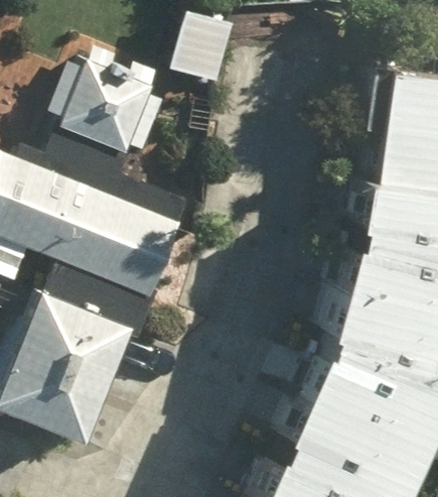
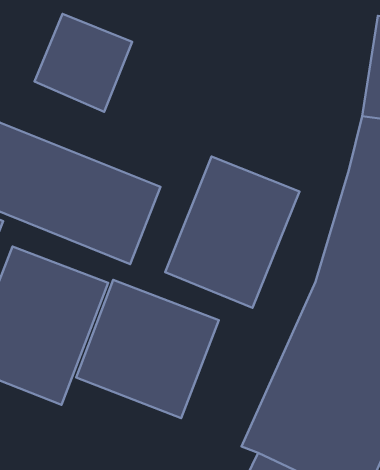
building: none -> [165,157,299,308]
building: none -> [76,280,219,418]

